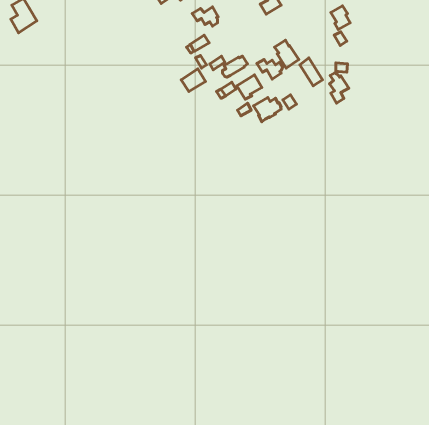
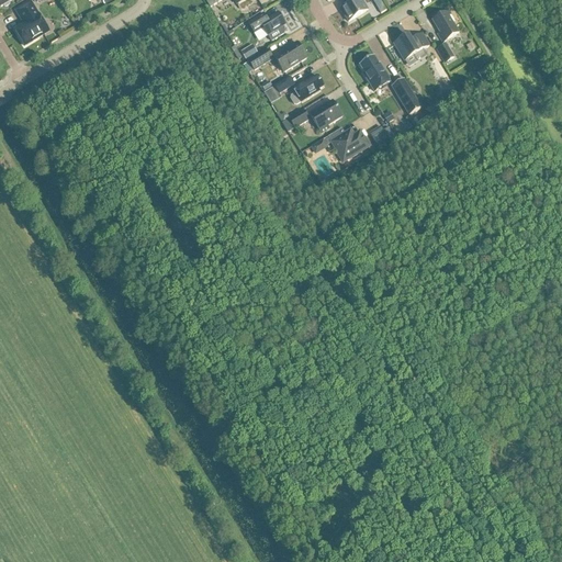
building: none -> [394,31,429,58]
building: [257,59,283,79] -> none
building: [181,69,205,92] -> [274,40,306,69]
building: [330,73,349,103] -> none

